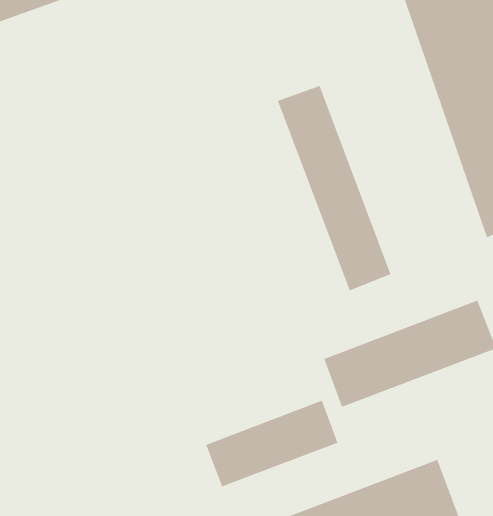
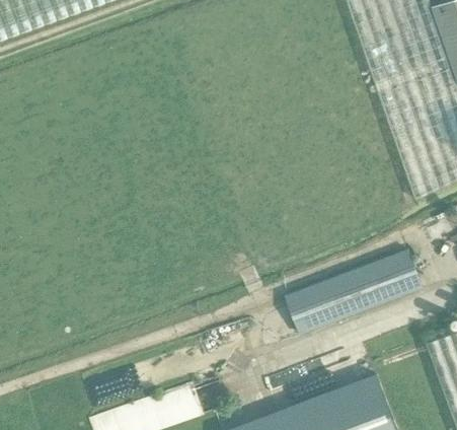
building: [277,85,391,291] -> none
building: [205,400,338,487] -> none

